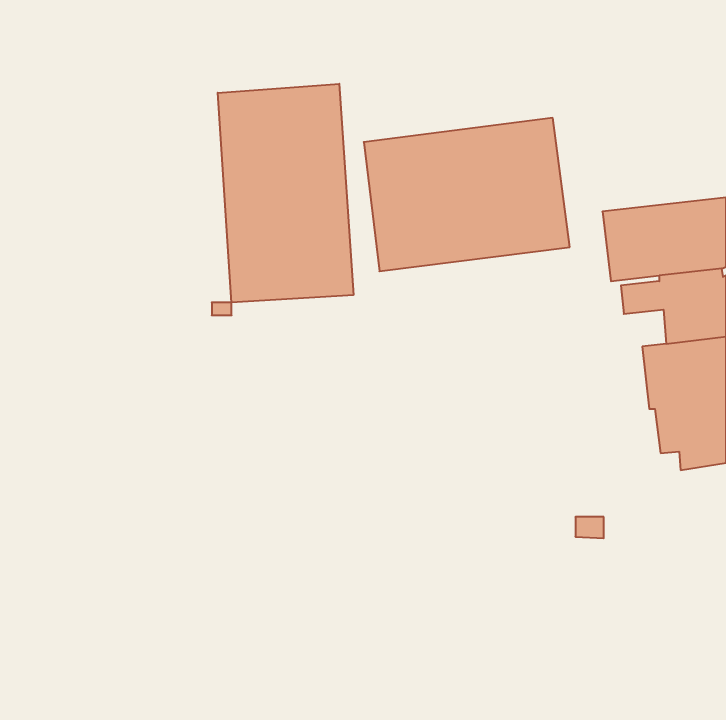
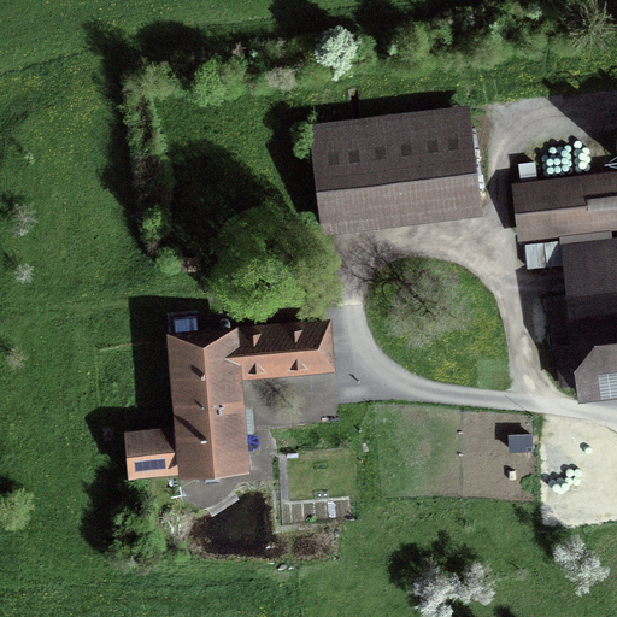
building: [218,84,353,302] -> none
building: none -> [124,321,335,494]

